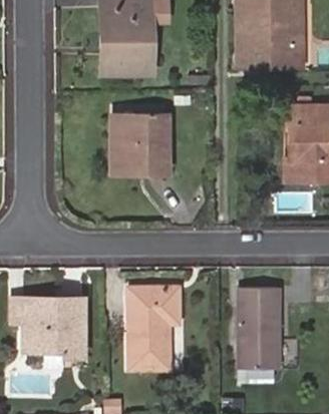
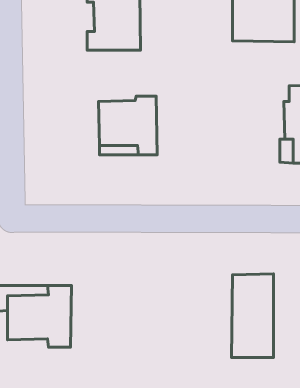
building: [129,286,180,368] -> none

